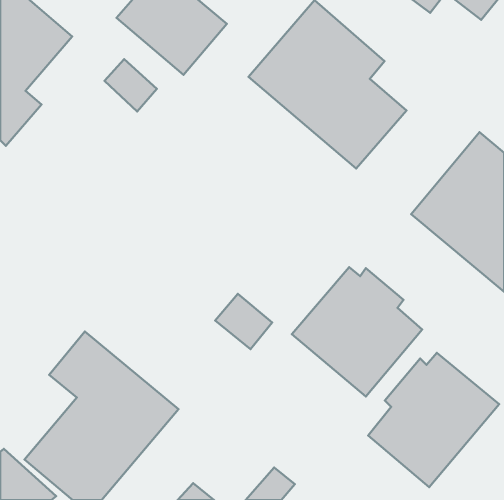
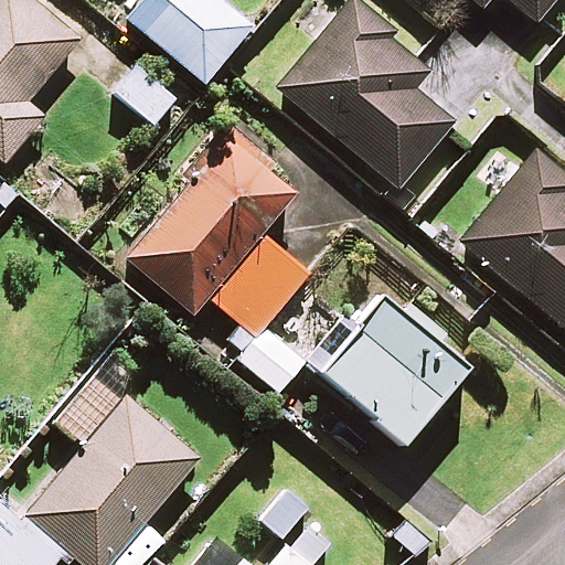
building: none -> [128,125,308,334]
building: [368,353,499,487] -> none

